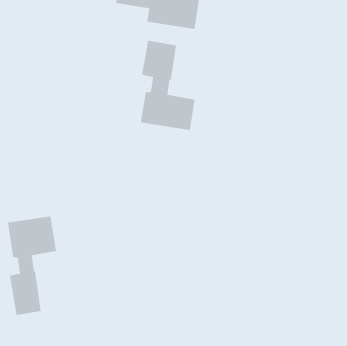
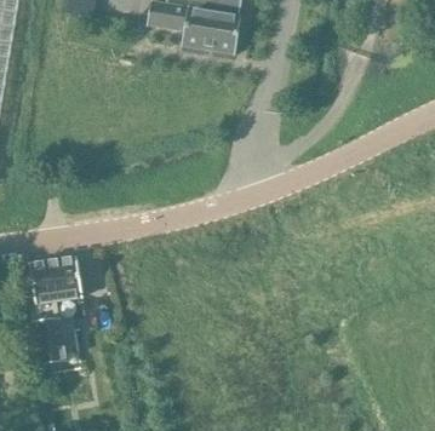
building: [140,40,195,131] -> none

